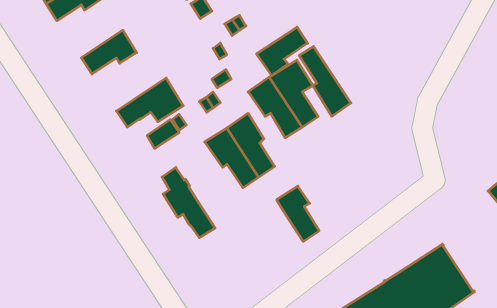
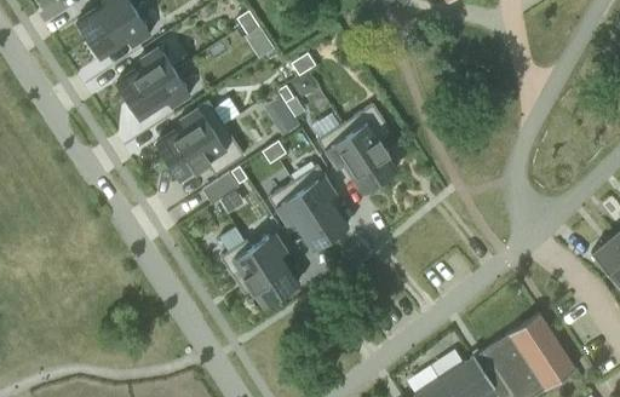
building: none -> [116,47,176,103]
building: [257,27,308,75] -> none
building: [299,46,351,116] -> none
building: none -> [156,102,225,163]
building: [277,186,319,241] -> [251,234,299,297]

